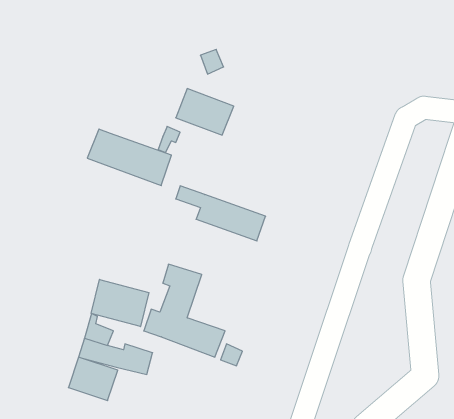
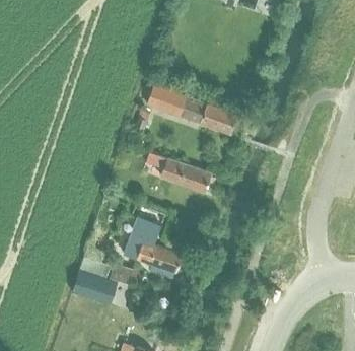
building: [87,129,171,186] -> [179,97,237,137]
building: [91,279,149,327] -> none

